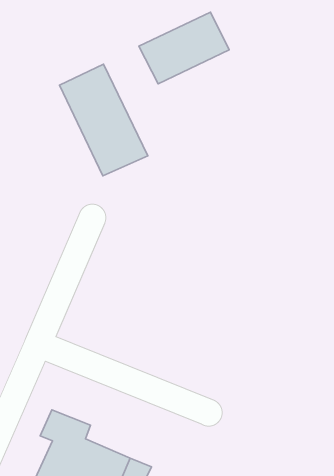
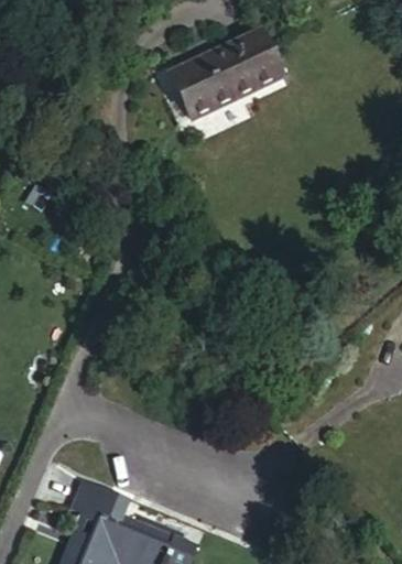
building: [60,64,148,176] -> none

